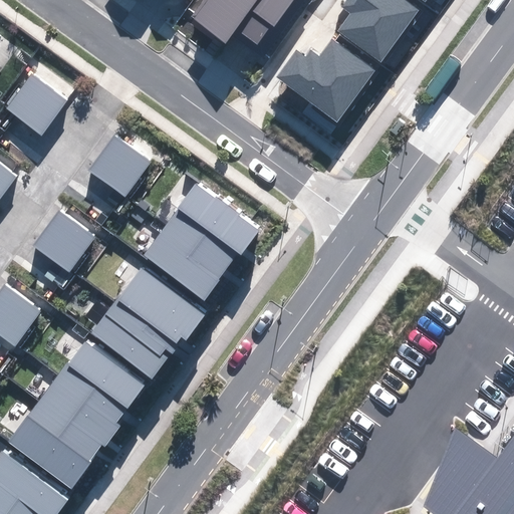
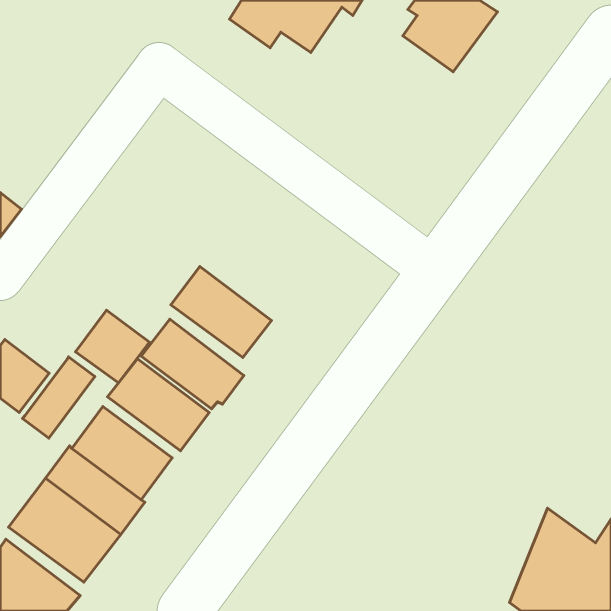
building: [277,39,375,121] -> none
building: [6,74,67,137] -> none
building: [88,136,150,196] -> none
building: [166,184,258,269] -> none
building: [32,211,94,272] -> [76,310,150,383]
building: none -> [23,357,95,438]

